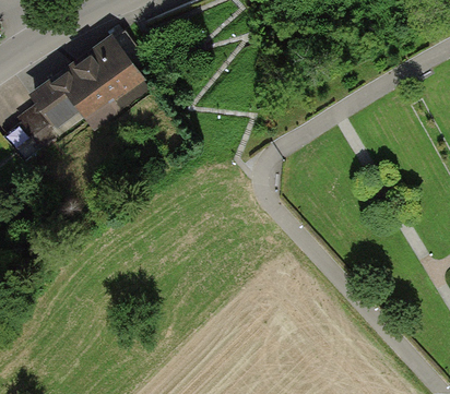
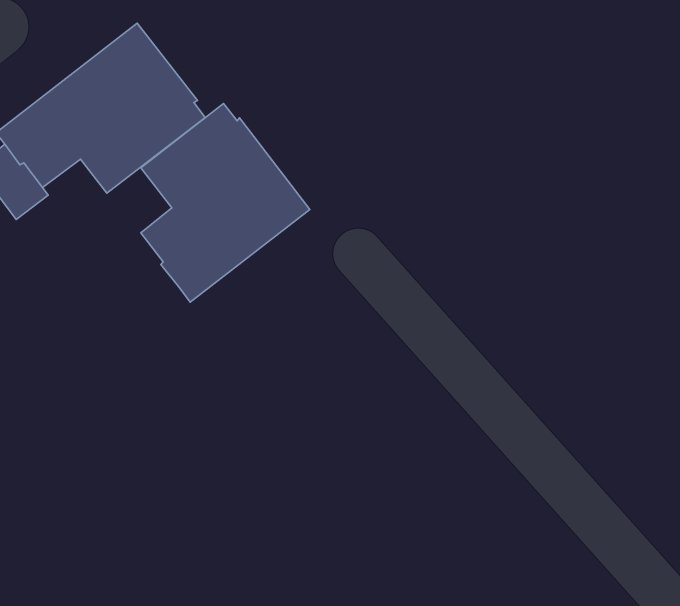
building: none -> [141,103,310,302]

